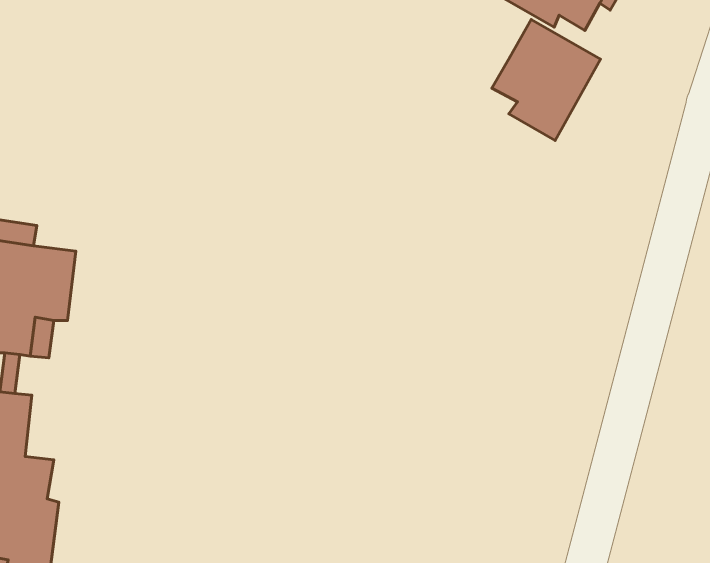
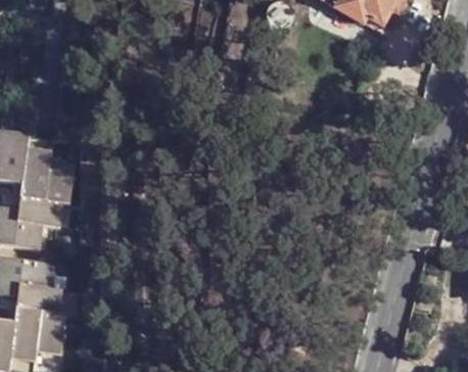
building: [492,20,600,140] -> none

